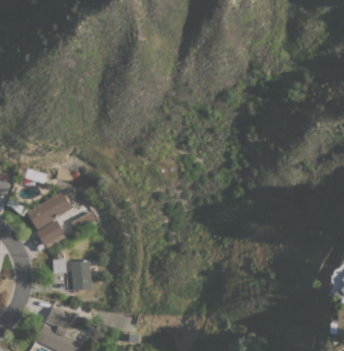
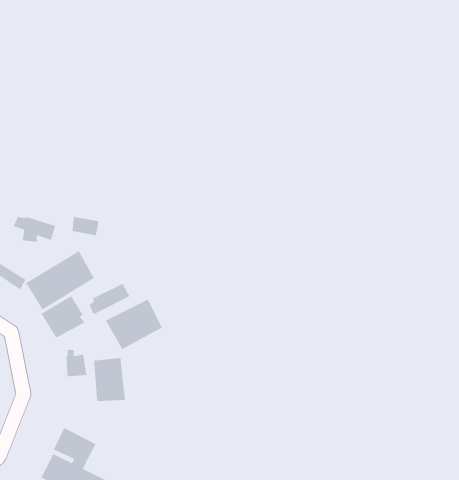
building: none -> [105,298,163,350]

